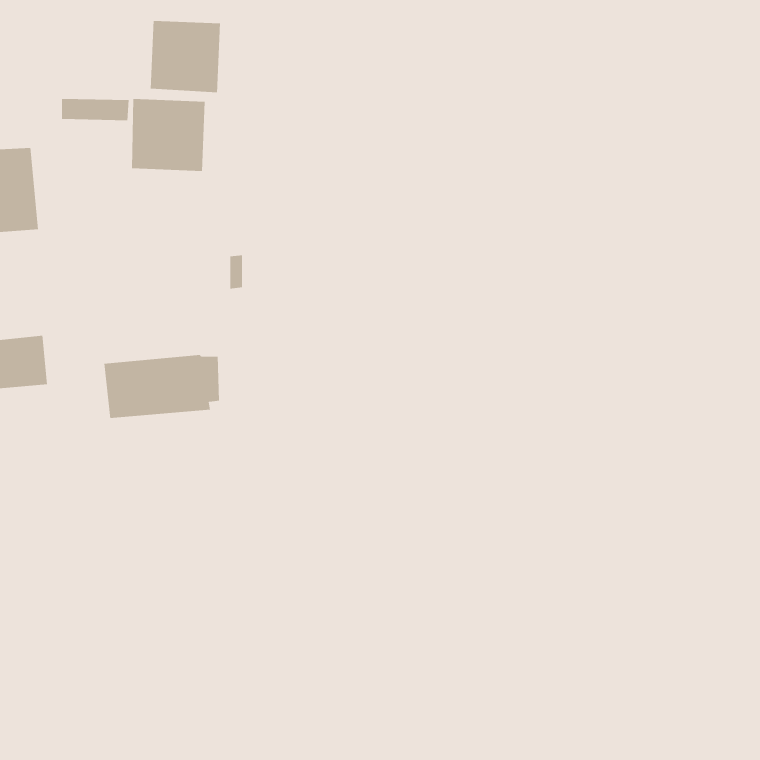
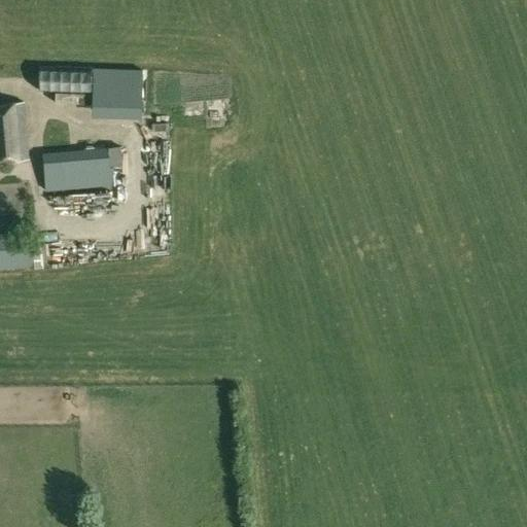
building: [150,20,220,93] -> none
building: [104,355,220,419] -> [40,147,120,191]

